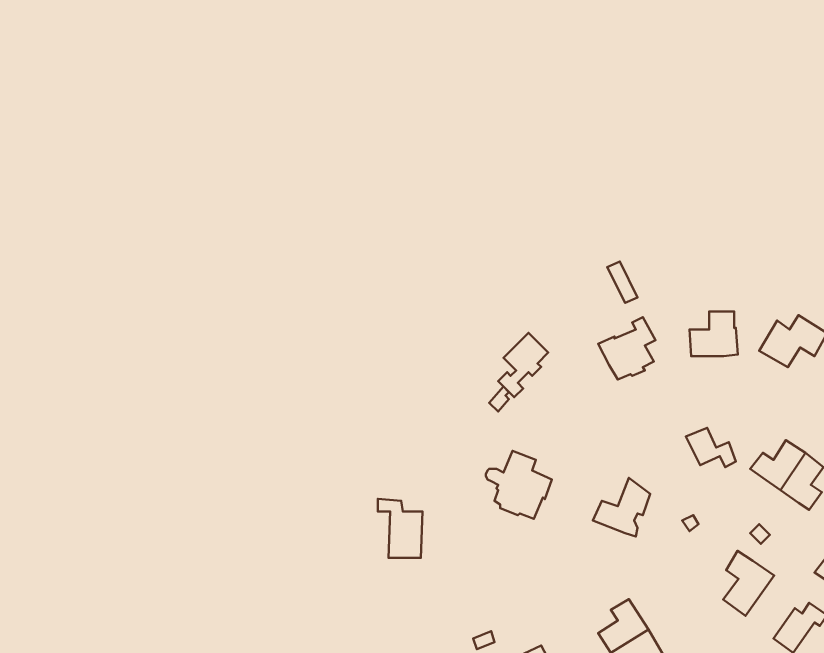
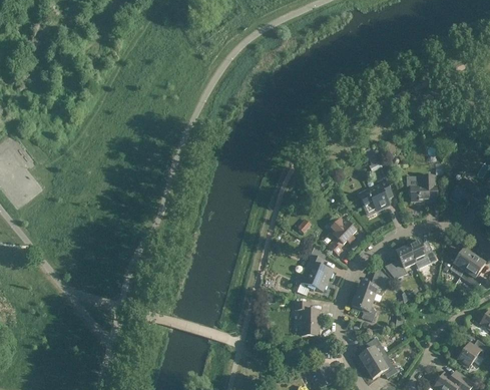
building: [498,333,548,397] -> [328,219,356,255]
building: none -> [384,246,415,279]
building: [378,499,422,558] -> [294,302,319,335]
building: none -> [351,293,376,321]
building: [723,551,774,616] -> none

